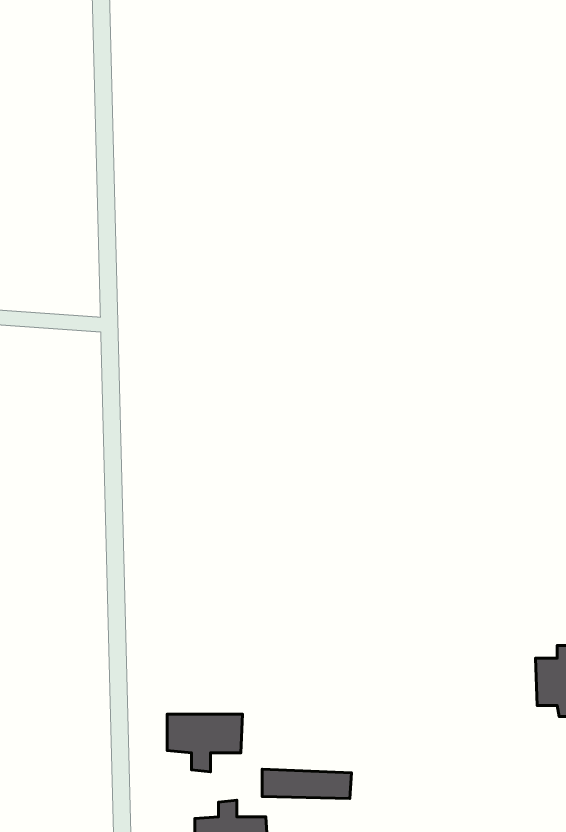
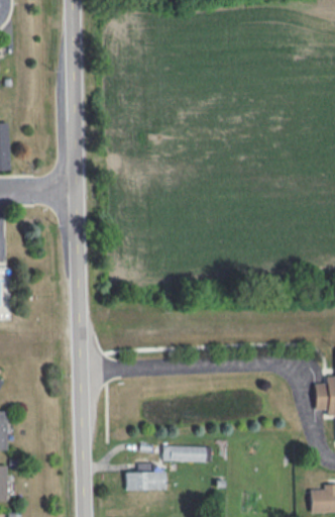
building: [167,714,243,772] -> none

